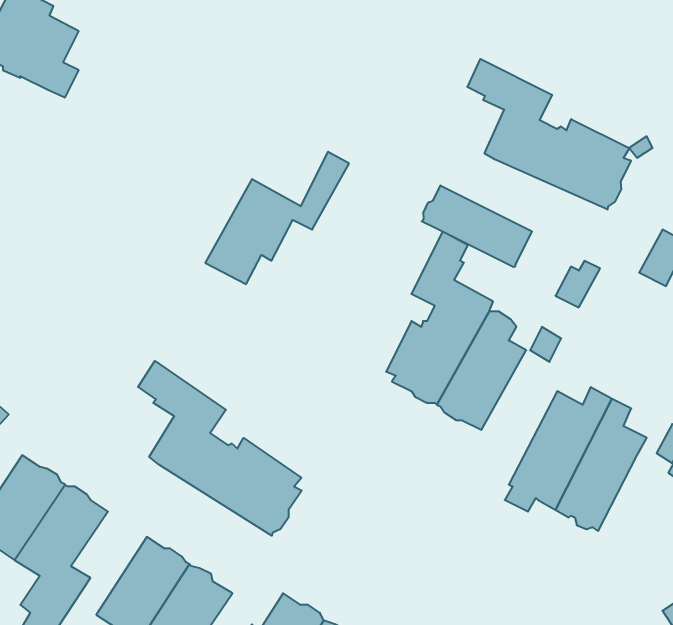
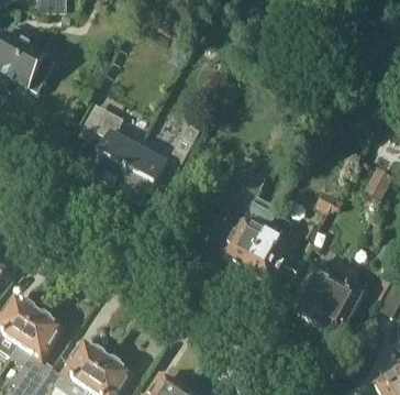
building: [467,59,631,210] -> none
building: none -> [92,109,143,187]
building: [422,185,532,267] -> none
building: [138,361,302,536] -> none

